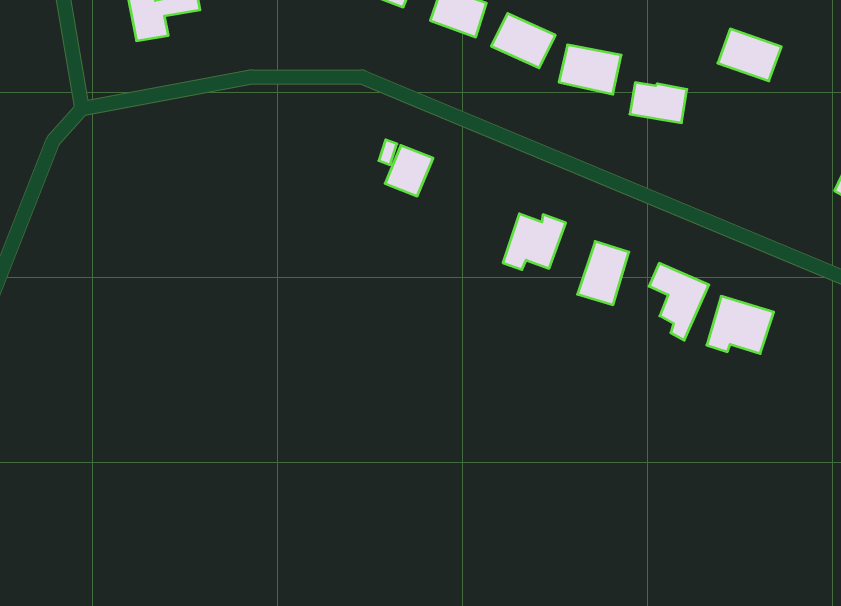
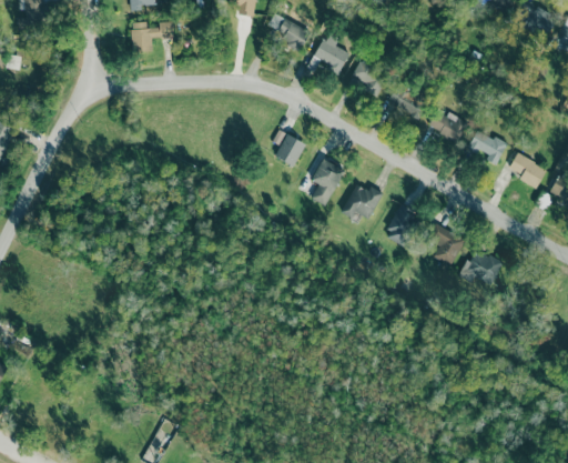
building: [718,29,781,81] -> [466,130,506,164]
building: none -> [509,155,545,188]
building: none -> [311,159,343,207]

